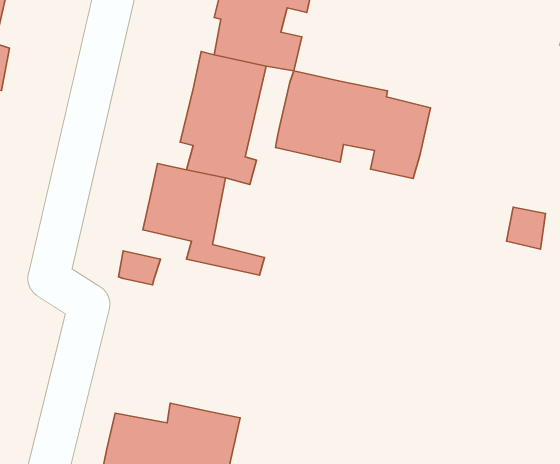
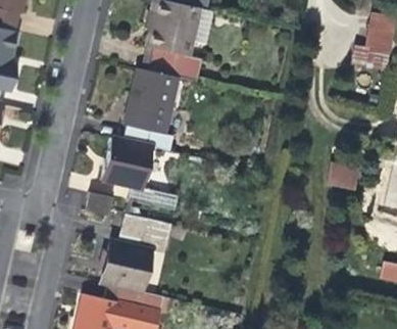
building: [276,71,430,178] -> none
building: none -> [101,218,170,293]

